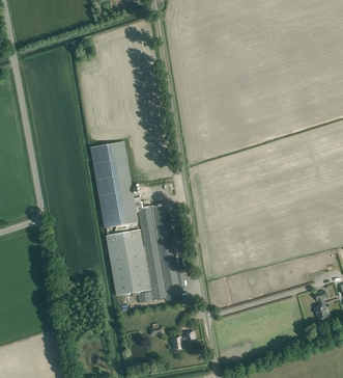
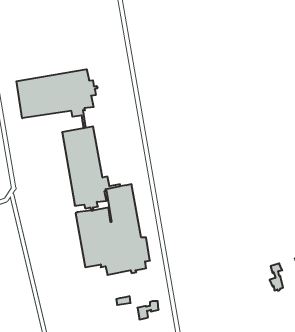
building: none -> [16,69,97,128]

